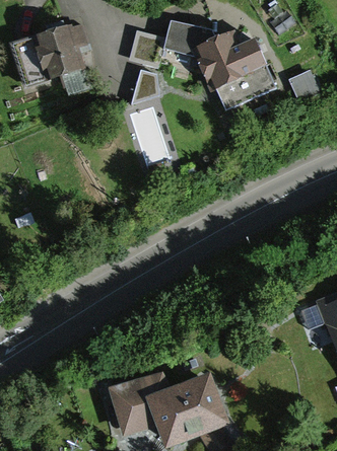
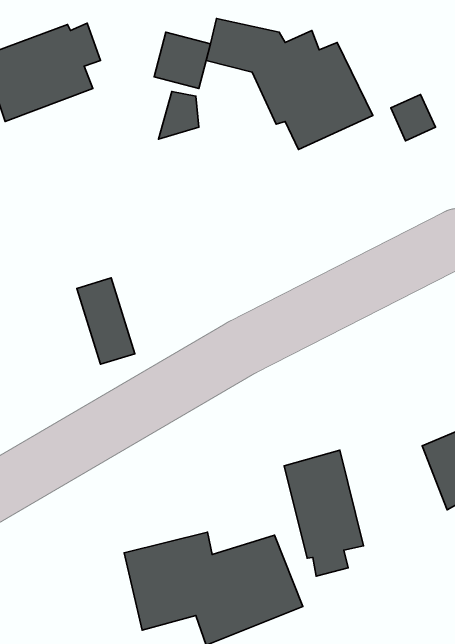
building: [132,106,172,165] -> [77,278,135,364]
building: none -> [284,450,363,576]

